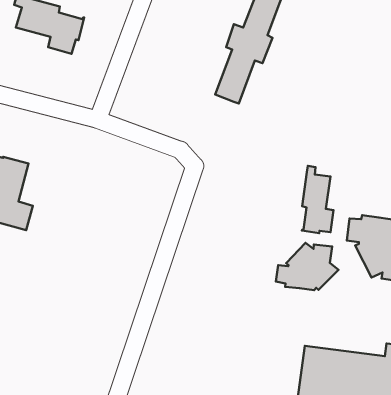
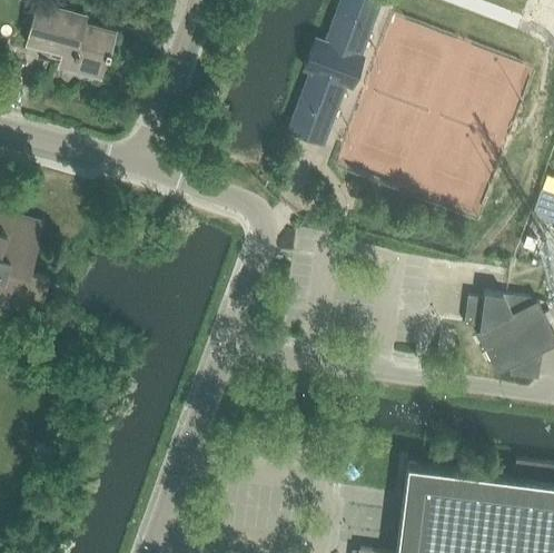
building: [302,166,334,233] -> none
building: [276,243,339,290] -> none

